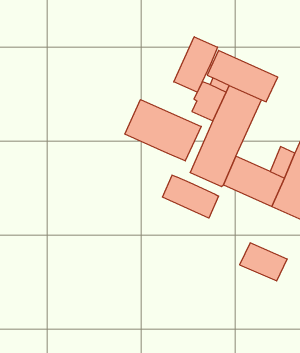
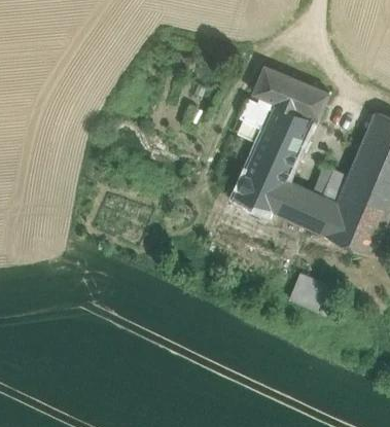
building: [174,37,218,92] -> none
building: [125,100,201,161] -> none
building: [162,175,219,218] -> none

